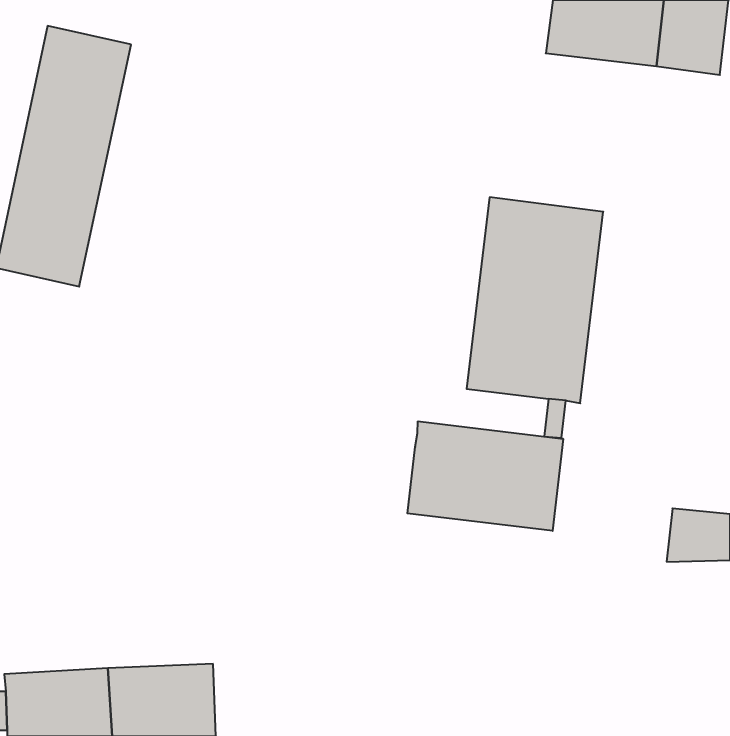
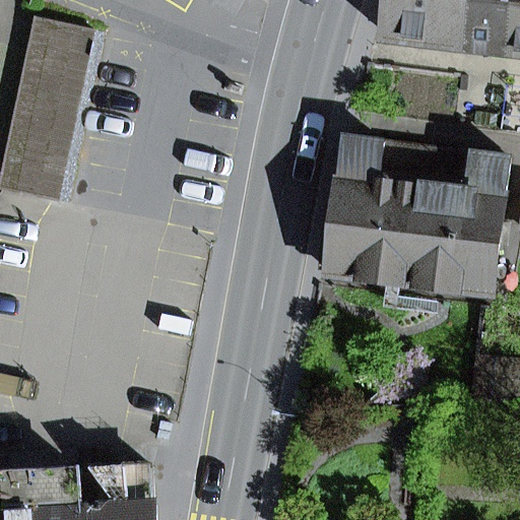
building: none -> [409,149,508,294]
building: [407,421,563,531] -> none

